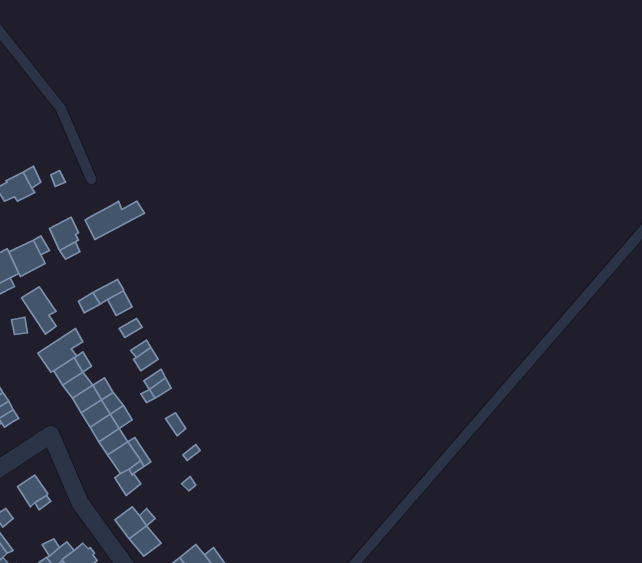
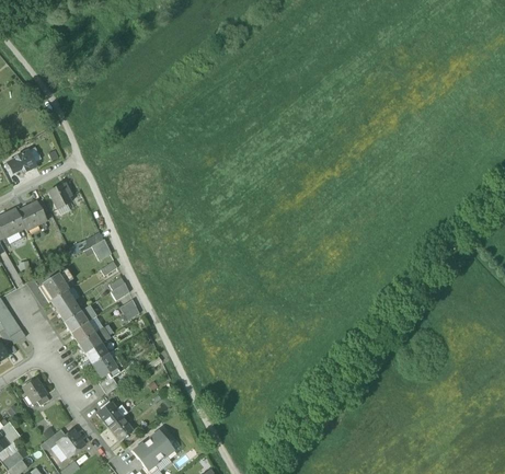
building: [85,201,145,240] -> none
building: [22,287,56,334] -> none

